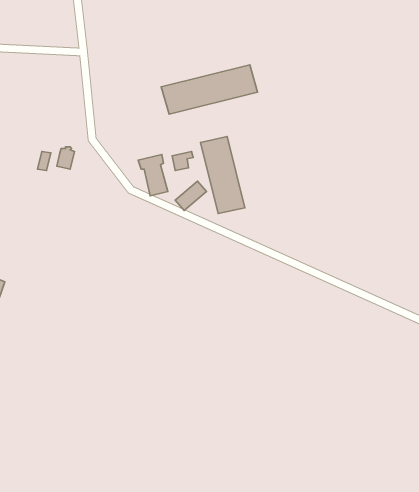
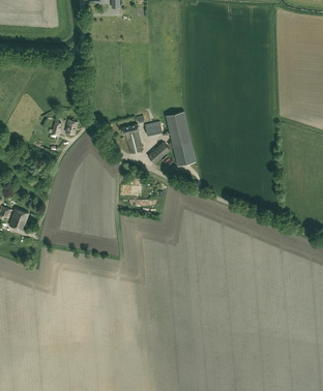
building: [161,65,258,114] -> none

